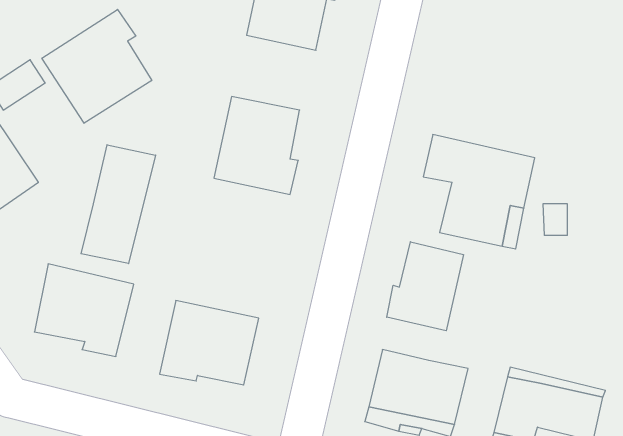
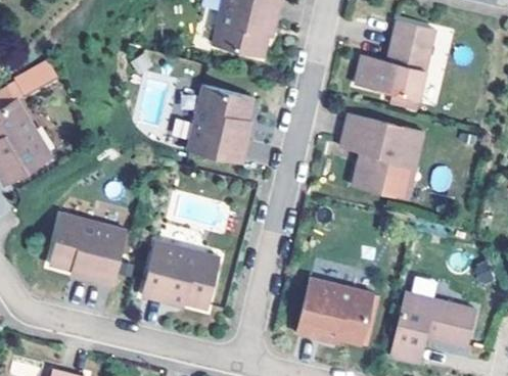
building: [42,9,152,123] -> none
building: none -> [356,25,435,102]
building: [81,145,156,264] -> none
building: [387,242,463,331] -> none

